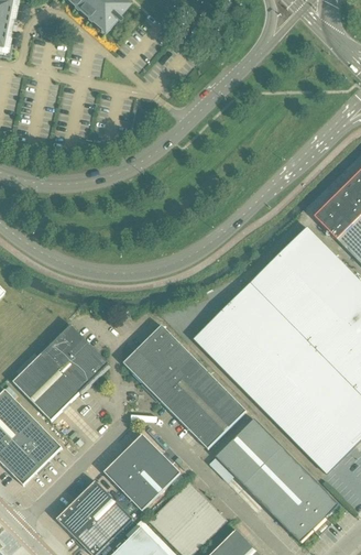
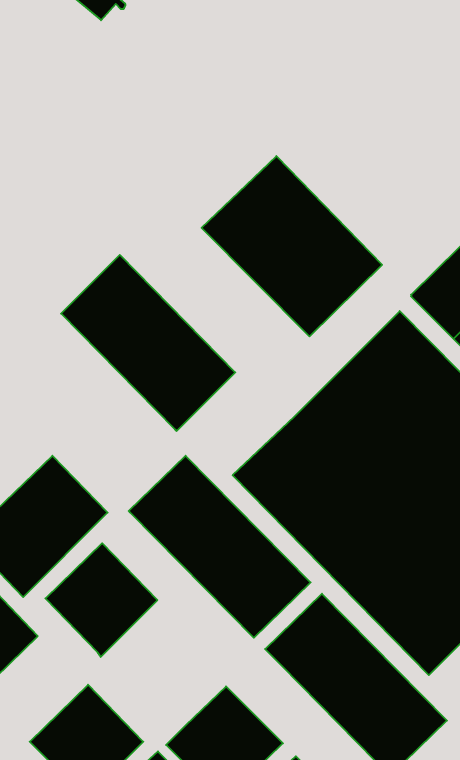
building: none -> [202,156,382,336]
building: none -> [61,255,235,431]
building: [103,434,179,511] -> [45,543,157,657]

